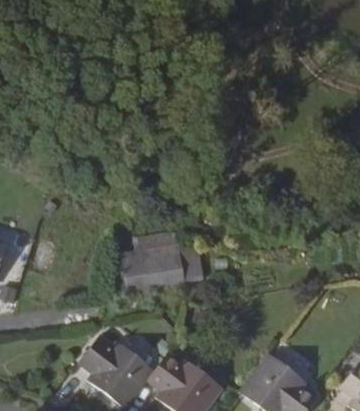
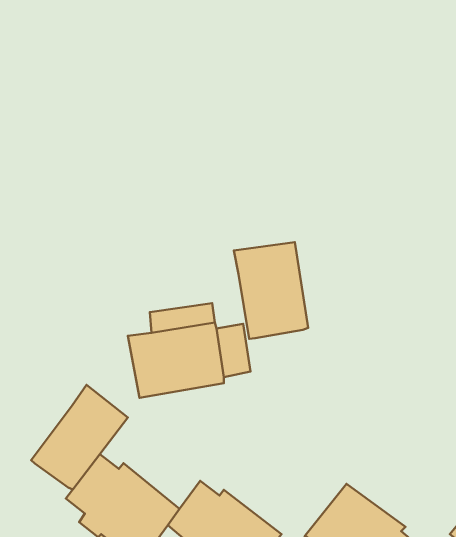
building: none -> [234,242,308,339]
building: none -> [31,385,128,490]

